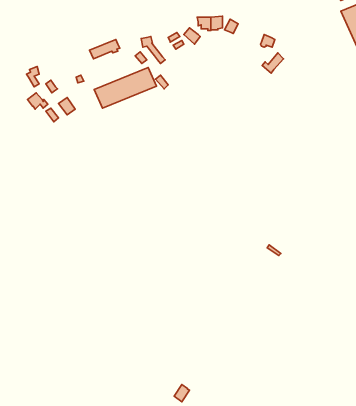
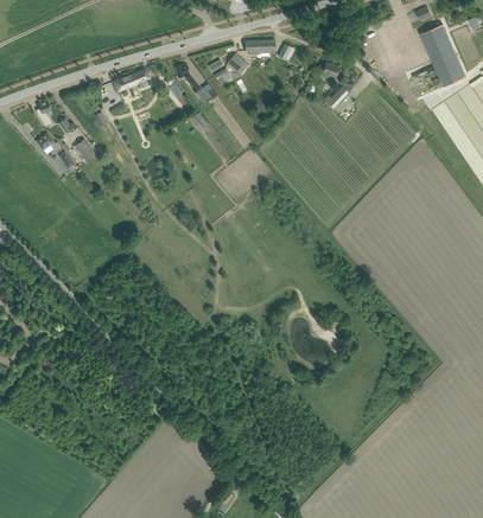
building: [94,67,157,108] -> none

